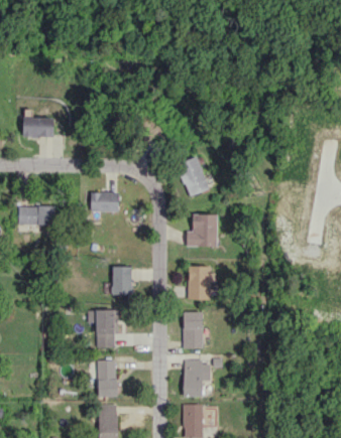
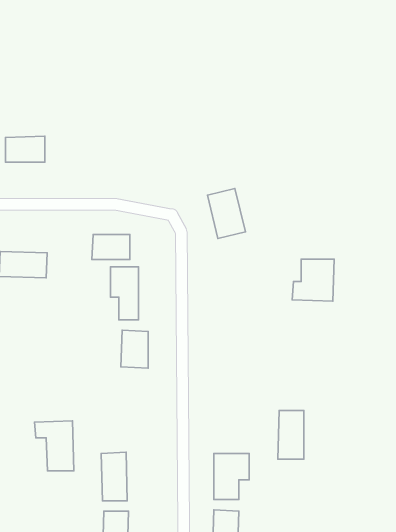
building: [186,214,218,247] -> [292,259,334,301]
building: none -> [111,267,138,320]
building: [188,266,211,299] -> none
building: [87,309,117,347] -> [34,421,74,471]
building: [183,311,203,348] -> [278,411,304,459]

